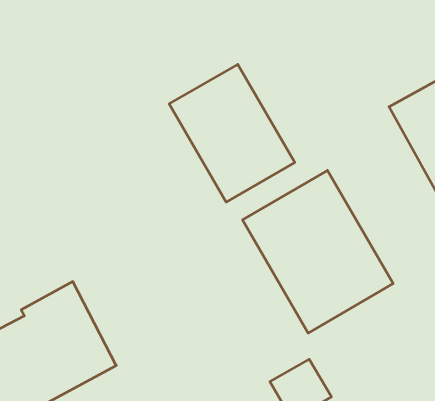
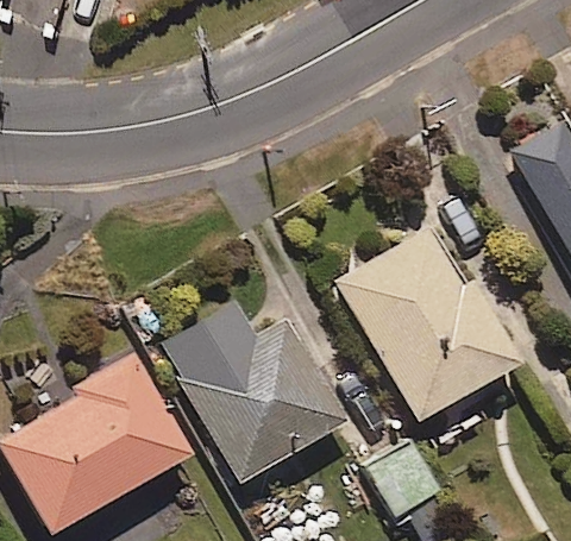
building: [169,64,295,202] -> none
building: none -> [165,304,345,480]

